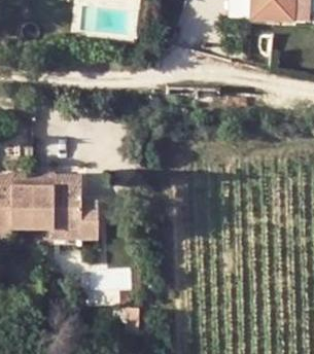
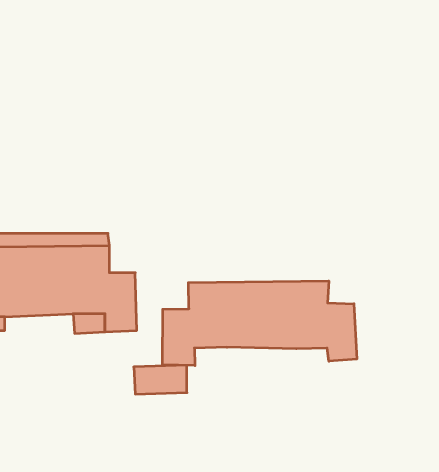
building: none -> [162,281,357,366]

